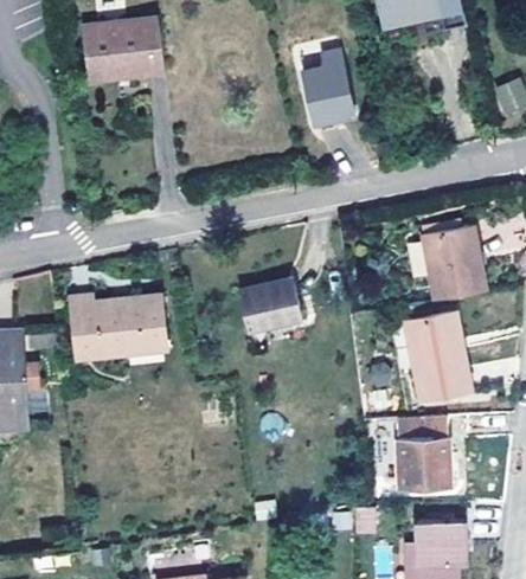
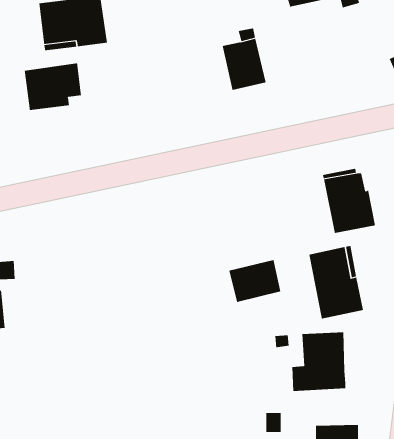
building: none -> [24,63,82,111]
building: [239,278,302,329] -> [228,260,281,302]
building: [71,294,167,358] -> none

